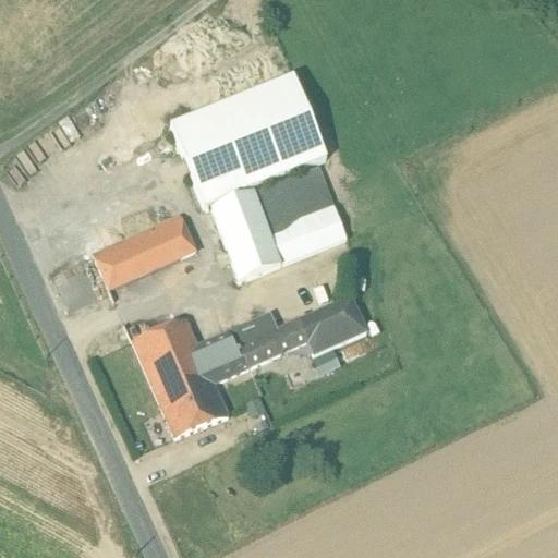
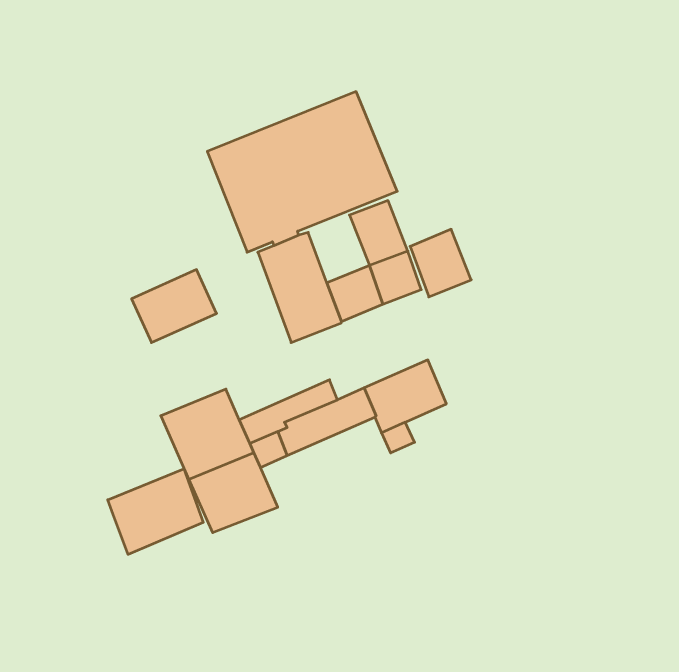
building: [253,177,303,232] -> [410,229,471,297]
building: [161,214,195,257] -> none
building: [92,245,124,289] -> none
building: none -> [108,469,203,554]

